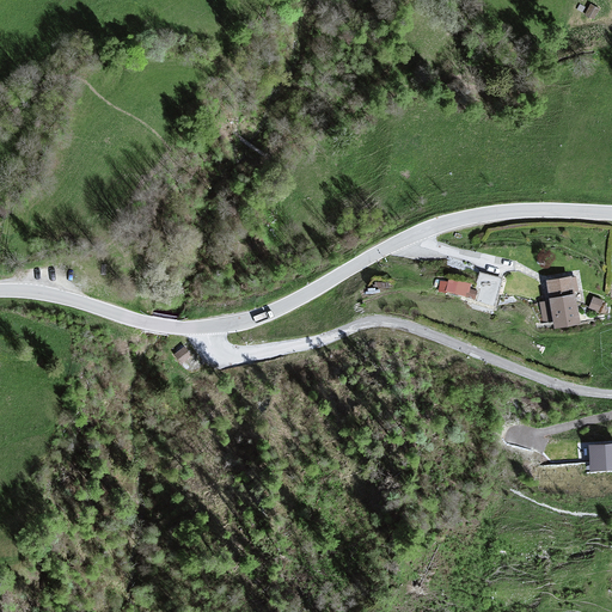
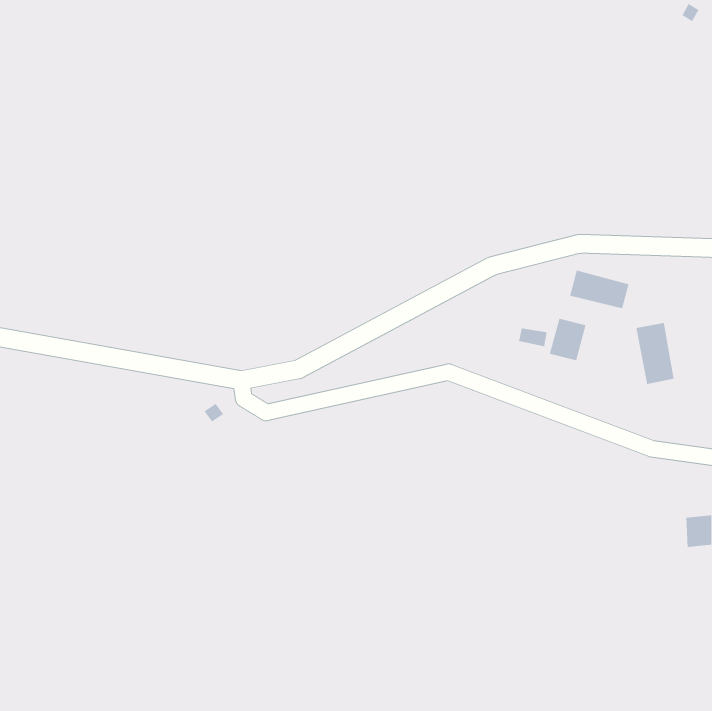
building: none -> [569,270,630,309]

